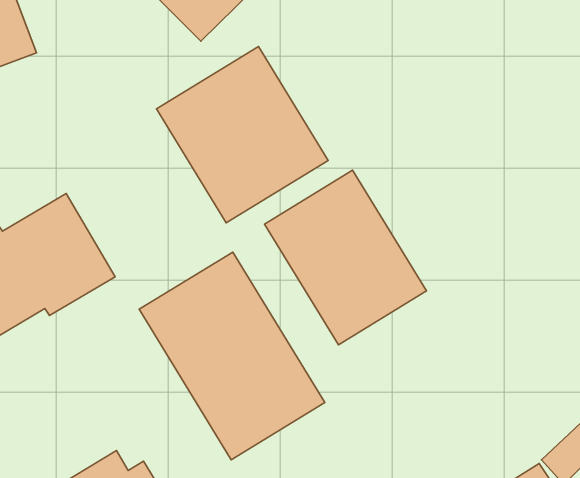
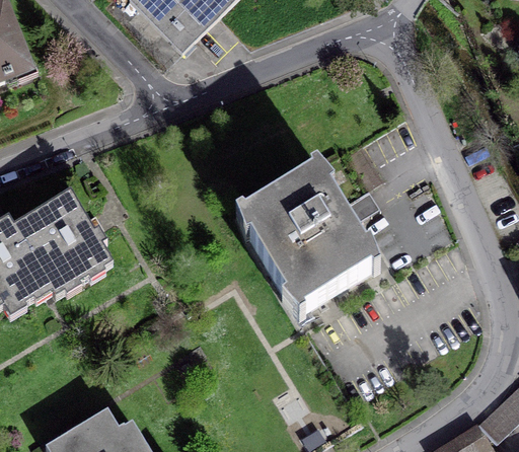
building: [156,47,328,223] -> none
building: [139,252,325,460] -> none

